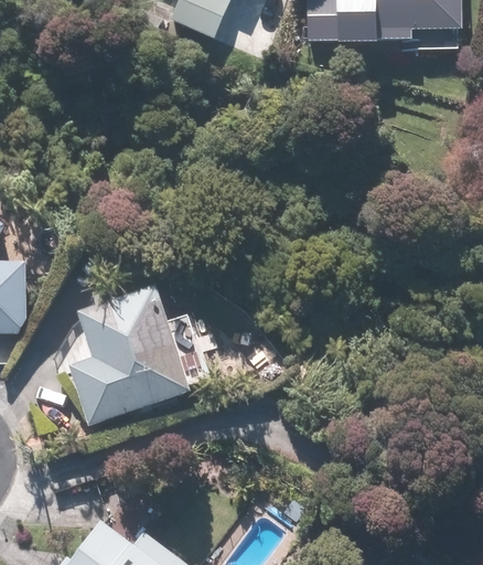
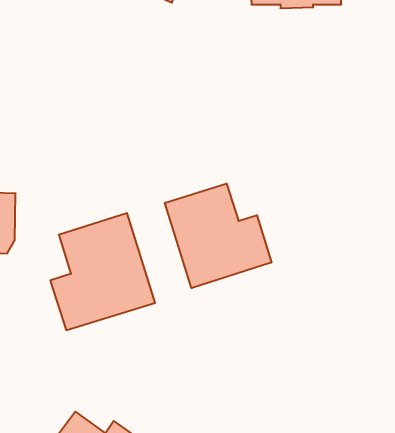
building: none -> [165,184,271,288]

